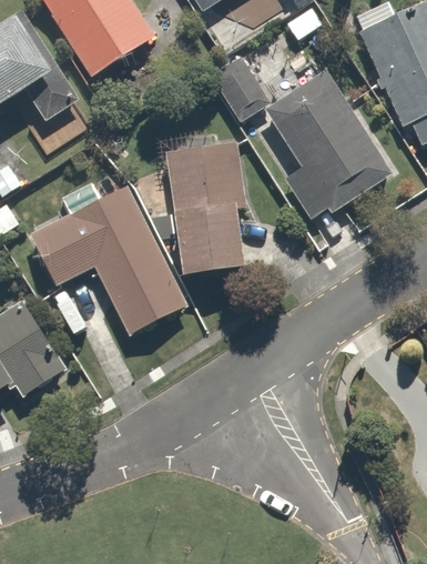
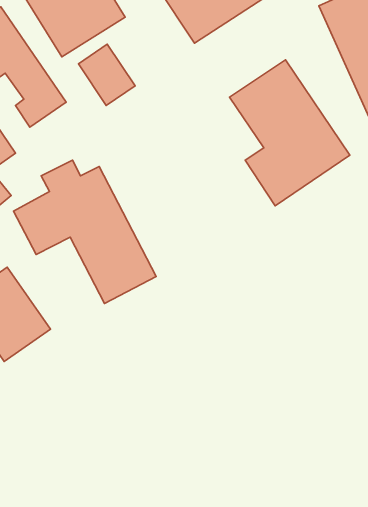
building: [207,56,268,121] -> [78,44,135,105]
building: [171,137,254,279] -> none

